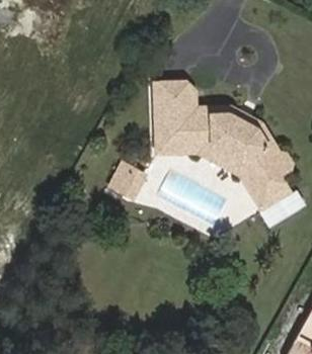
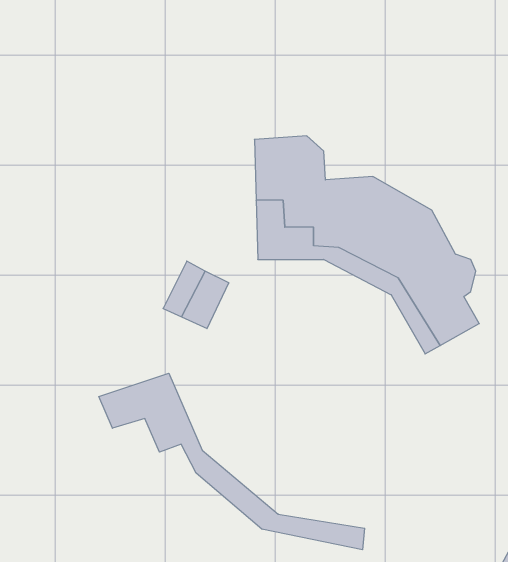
building: none -> [99,373,365,550]

